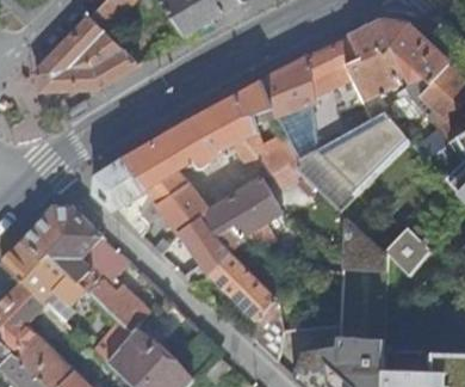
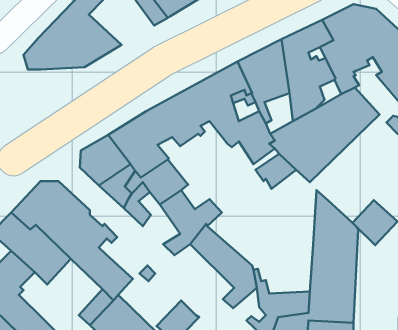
building: [202,177,286,242] -> none

